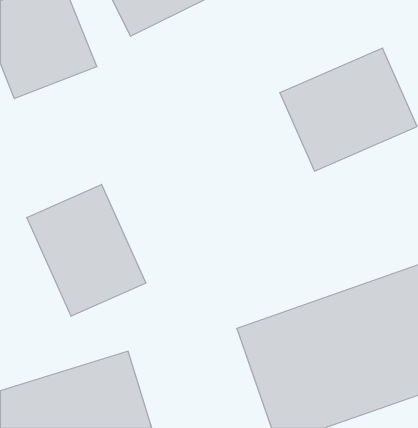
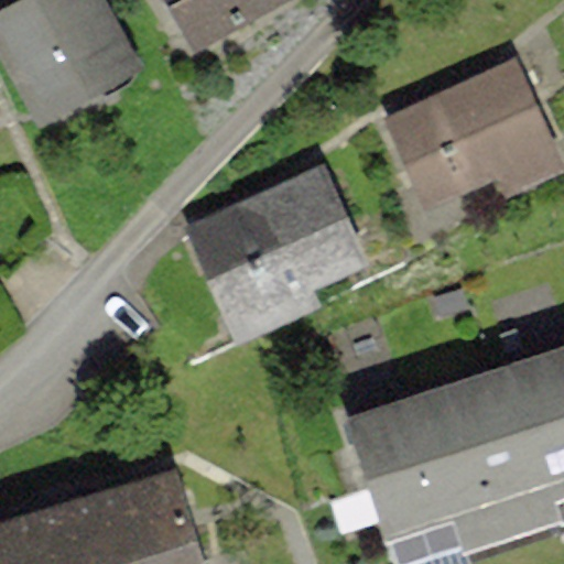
building: none -> [185,170,376,343]
building: [27,184,146,316] -> none

